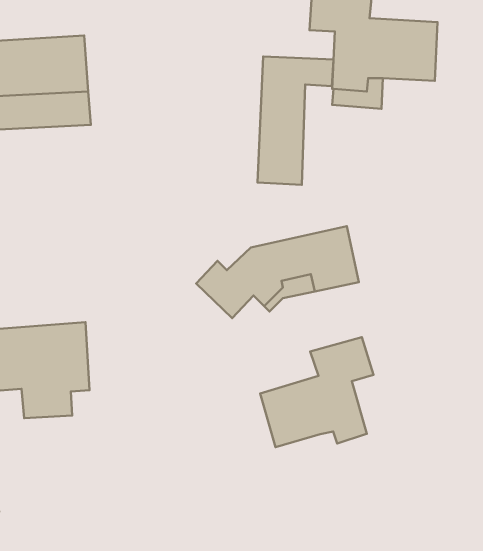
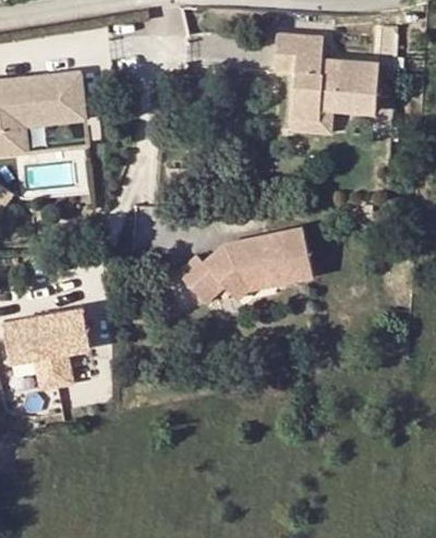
building: [258,56,334,185] -> none
building: [260,337,373,447] -> none

